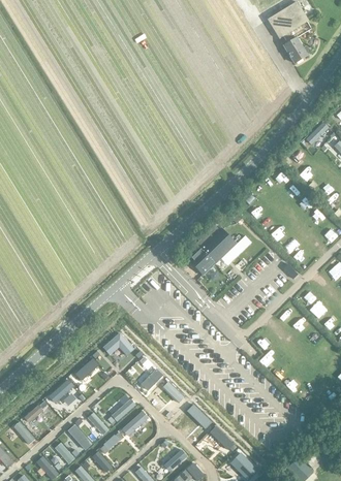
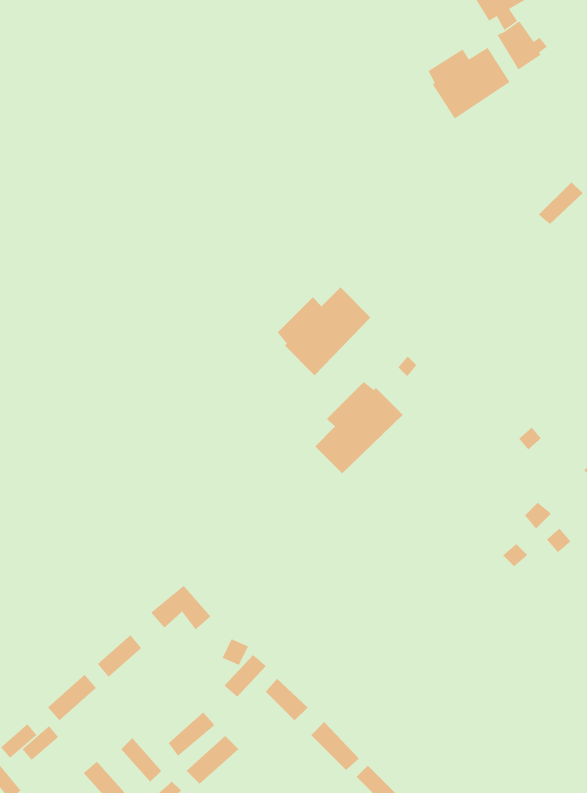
building: none -> [428,47,510,120]
building: none -> [277,287,371,376]

